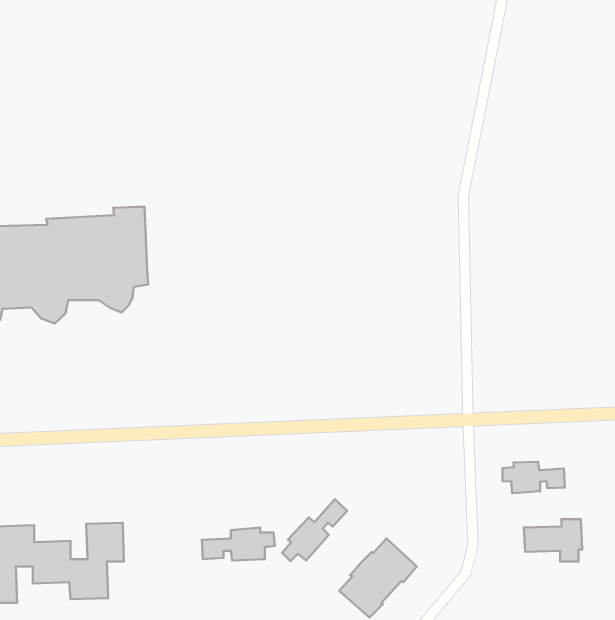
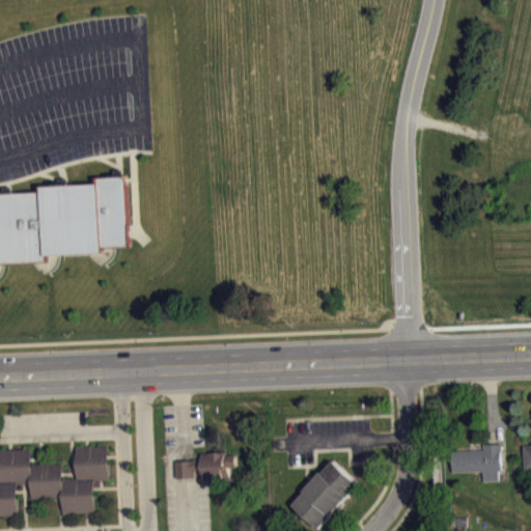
building: [502,462,565,493] -> none
building: [282,499,347,561] -> none

